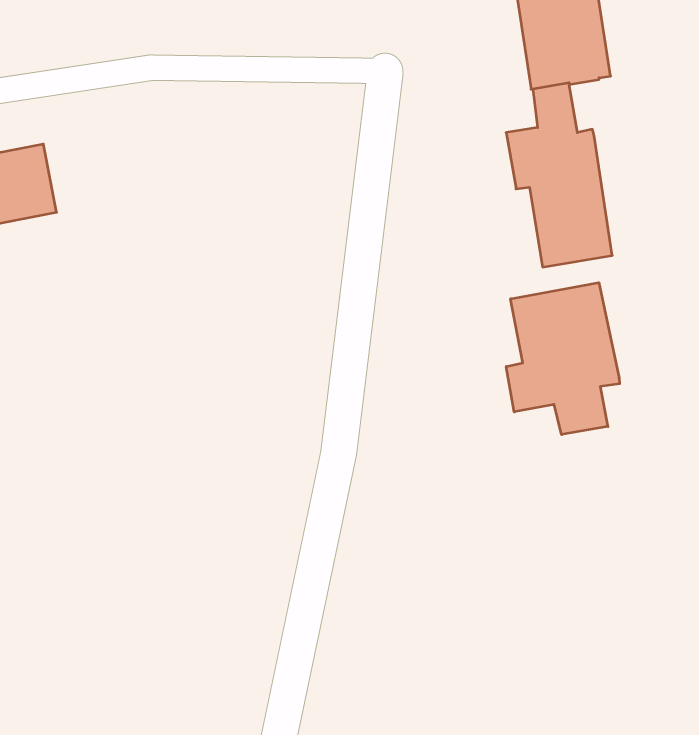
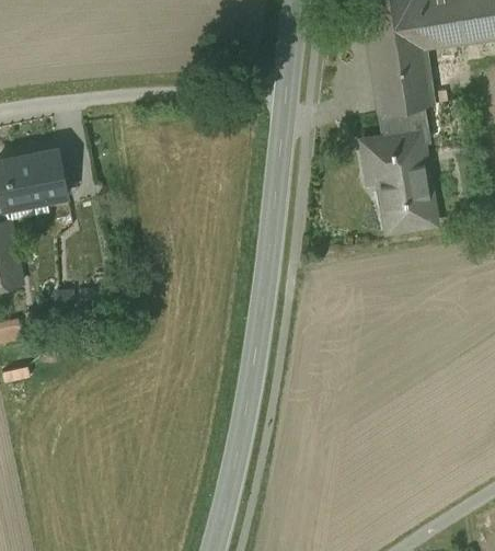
building: none -> [405,108,431,146]
building: [506,283,620,435] -> none

